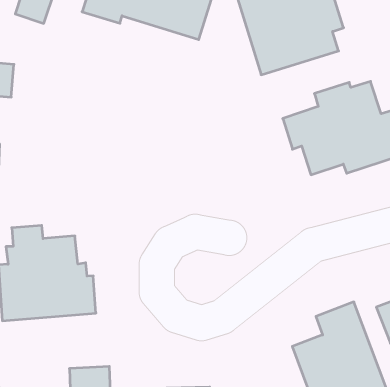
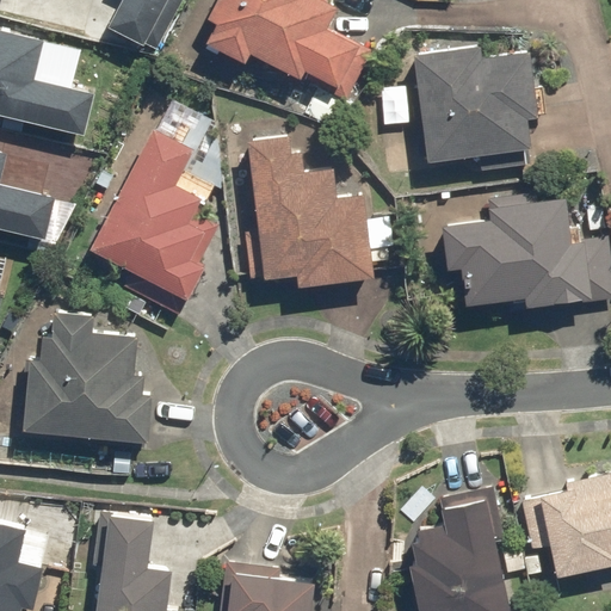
building: none -> [245,135,375,290]
building: none -> [91,125,206,317]

